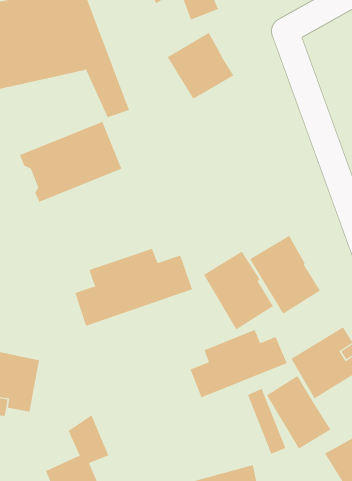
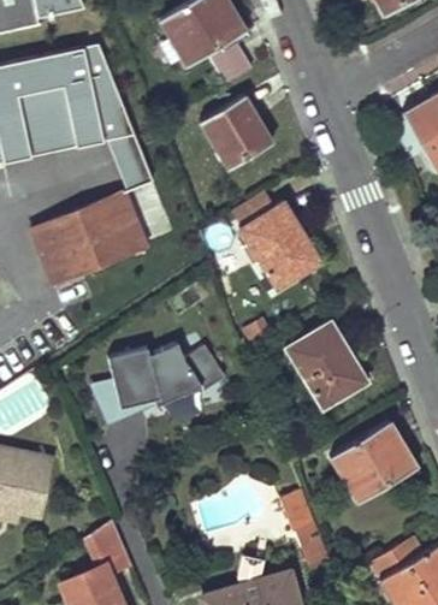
building: [203,251,274,330] -> [241,203,319,291]
building: [190,329,287,398] -> none
building: [266,375,331,449] -> none

